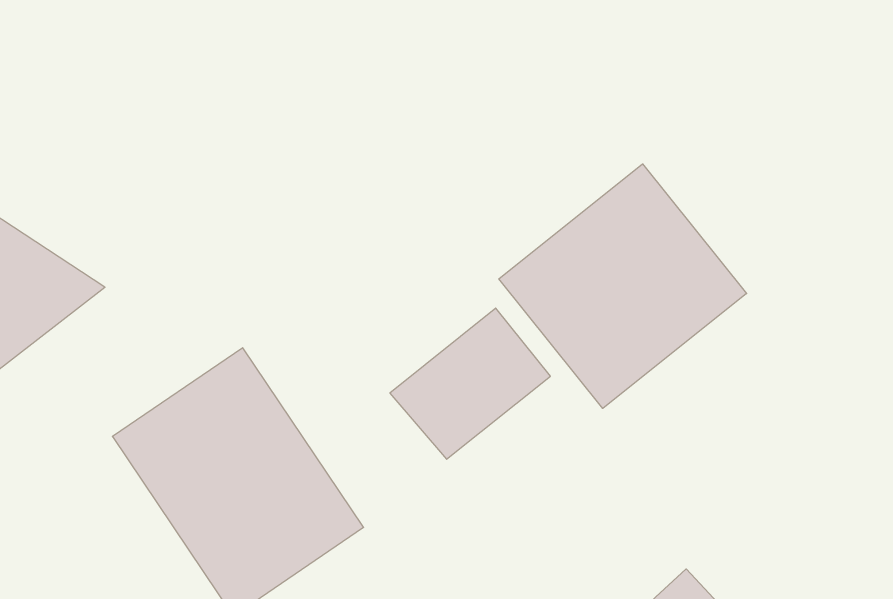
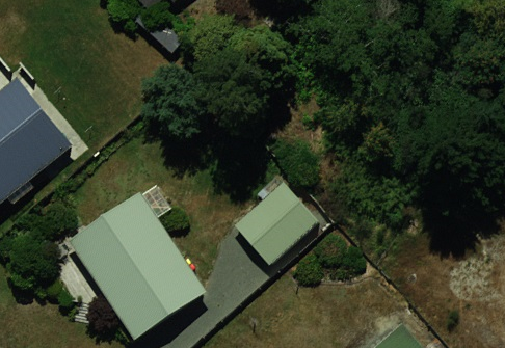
building: [499,164,747,408] -> none

